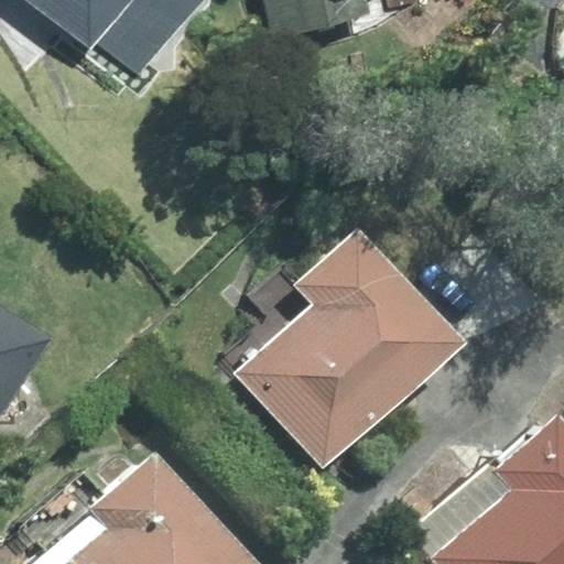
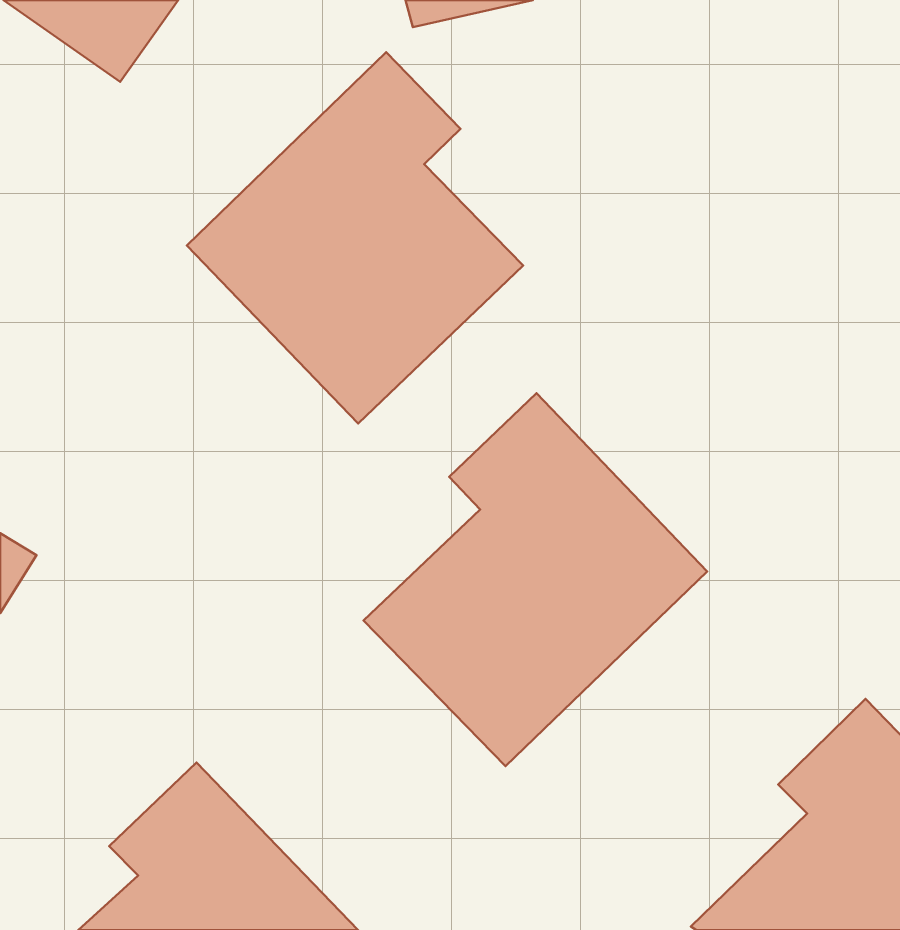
building: none -> [187,52,523,423]

